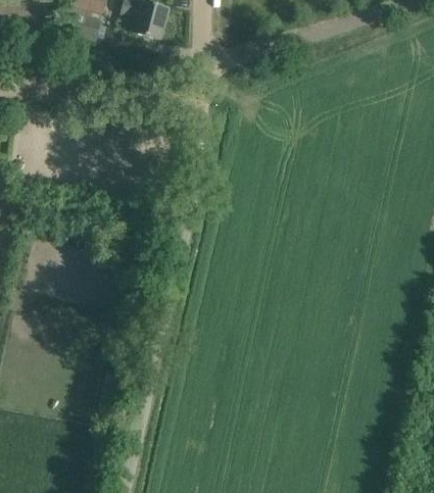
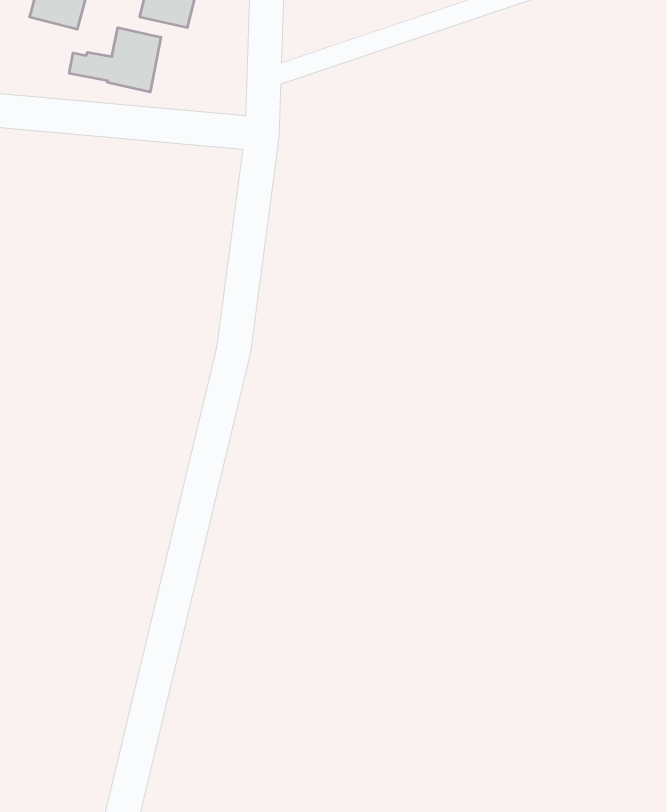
building: none -> [69,28,161,92]

